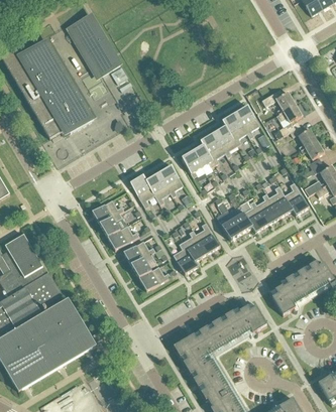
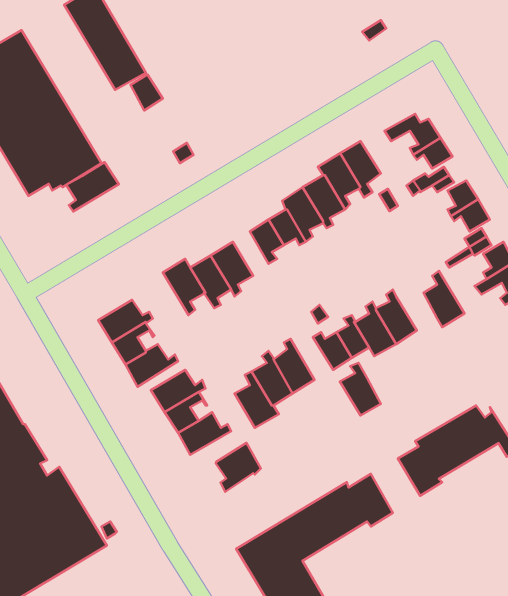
building: none -> [66,162,119,212]
building: [268,185,293,217] -> [340,363,381,416]
building: none -> [216,443,261,492]

